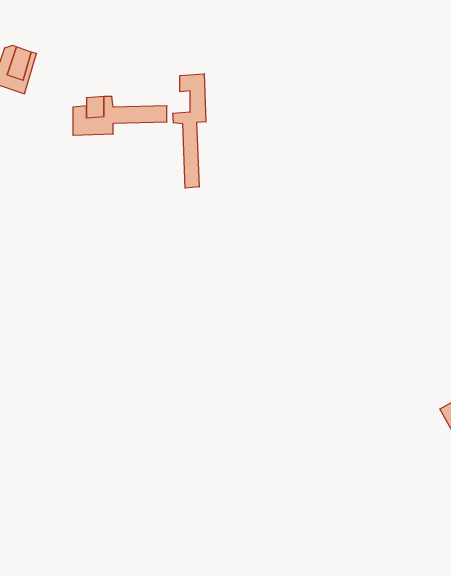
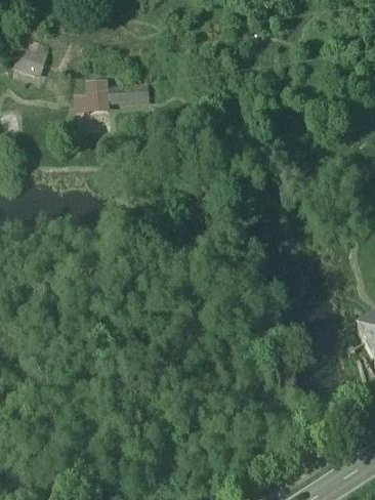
building: [173,74,206,188] -> none

